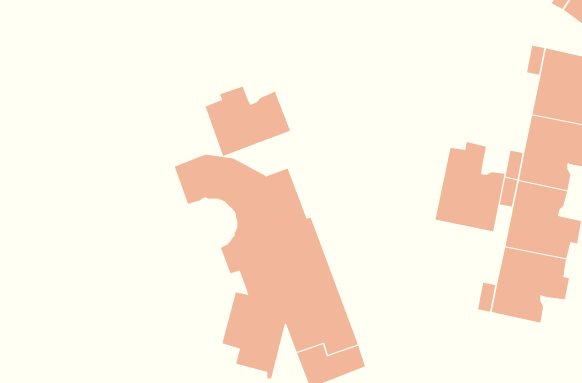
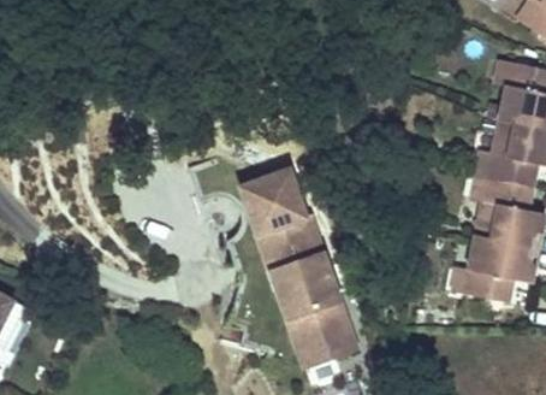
building: [205,86,291,157] -> none
building: [435,141,505,232] -> none

